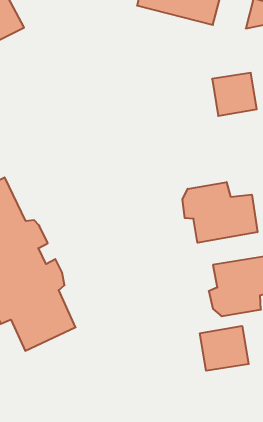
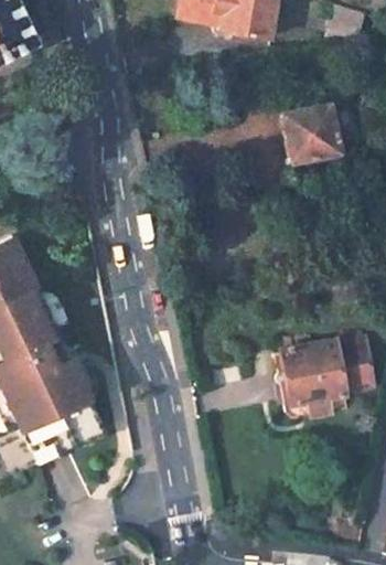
building: [183,182,257,243] -> none
building: [200,326,249,371] -> none

